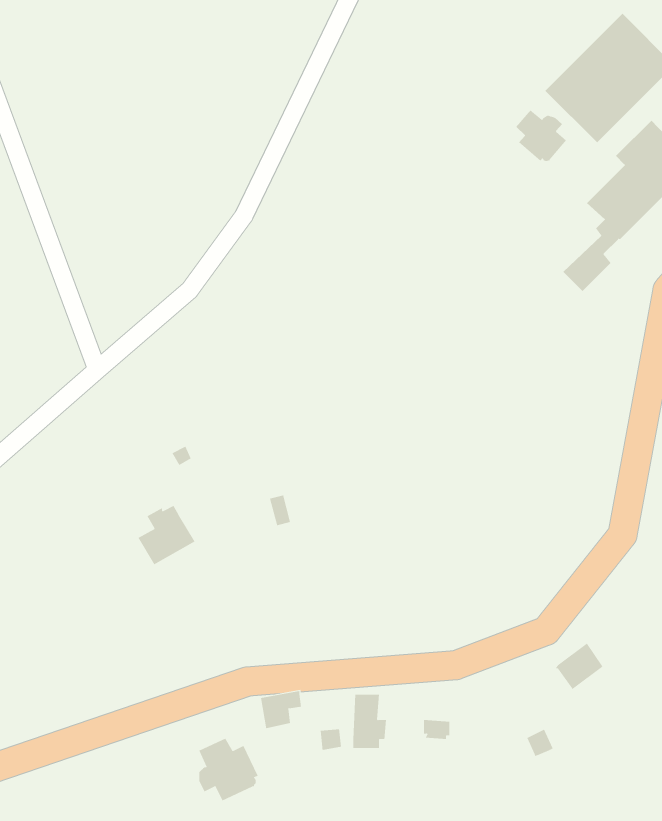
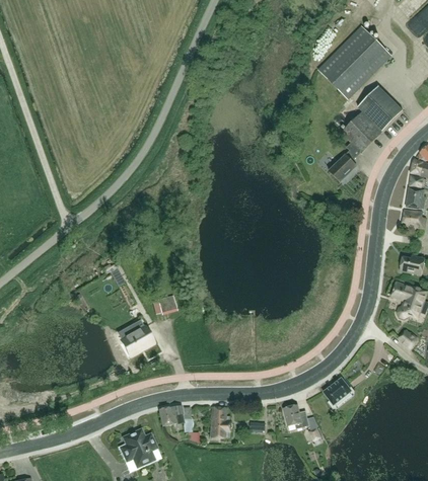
building: [516,109,567,162] -> none
building: [137,505,195,565] -> [121,321,153,354]
building: none -> [283,404,309,428]

